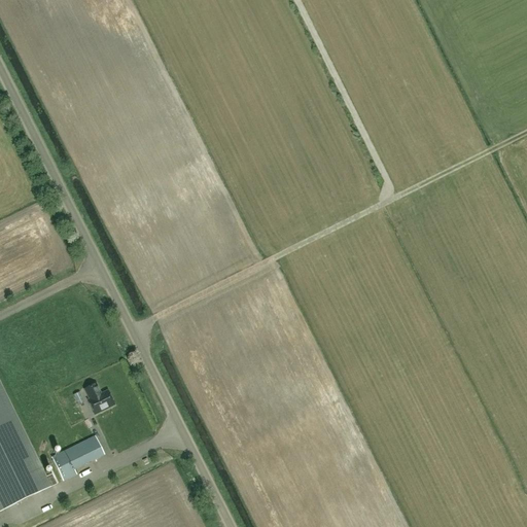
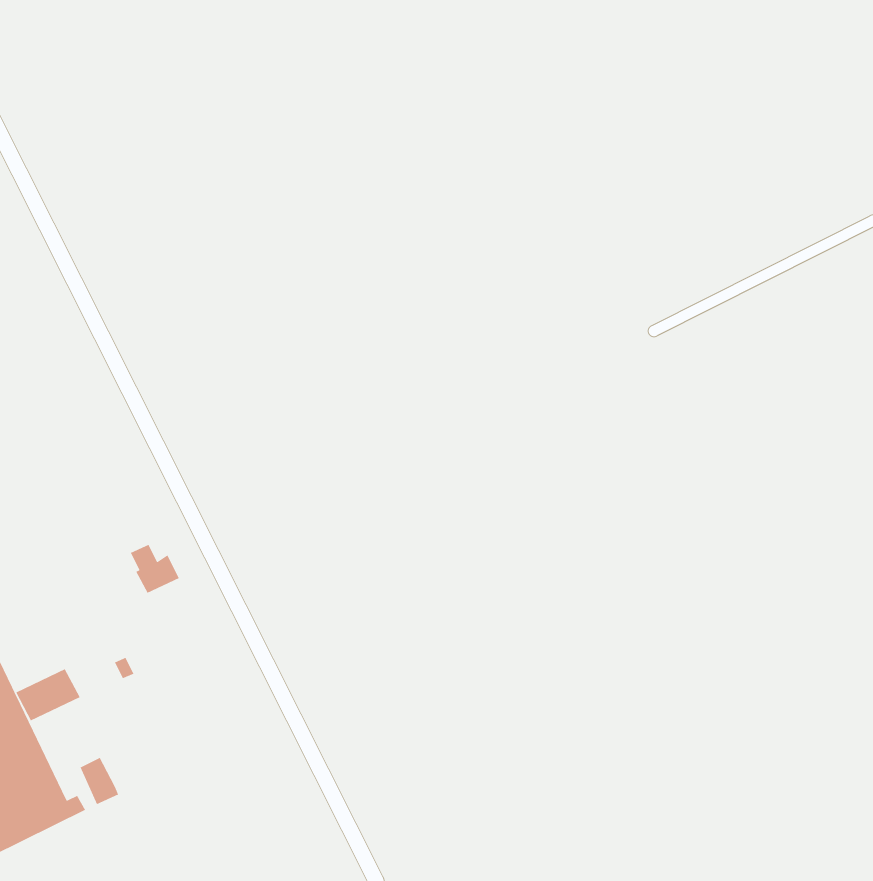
building: [79,385,109,415] -> [130,544,180,594]
building: [60,437,99,469] -> [15,668,81,721]

